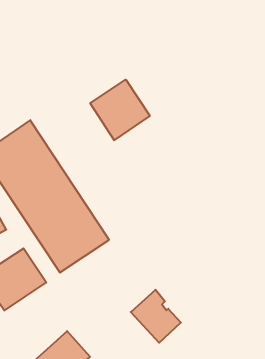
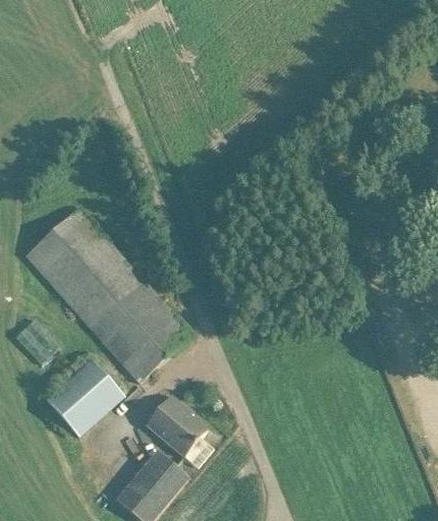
building: [90,80,150,140] -> none
building: [131,290,181,343] -> [146,394,207,456]

